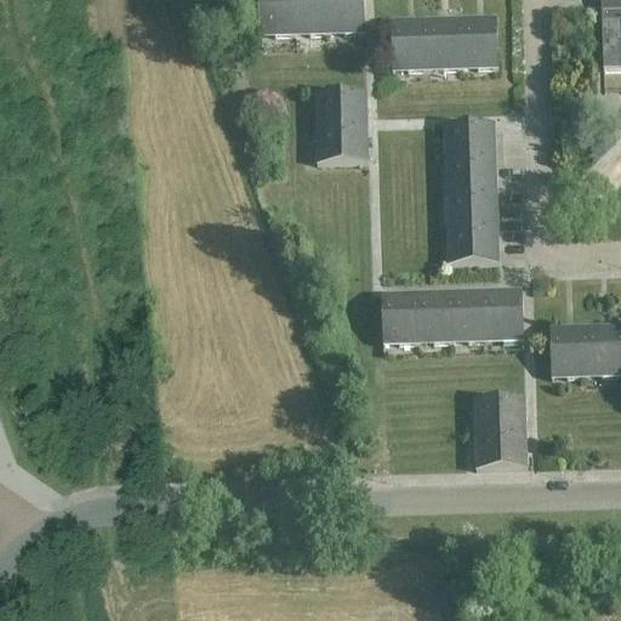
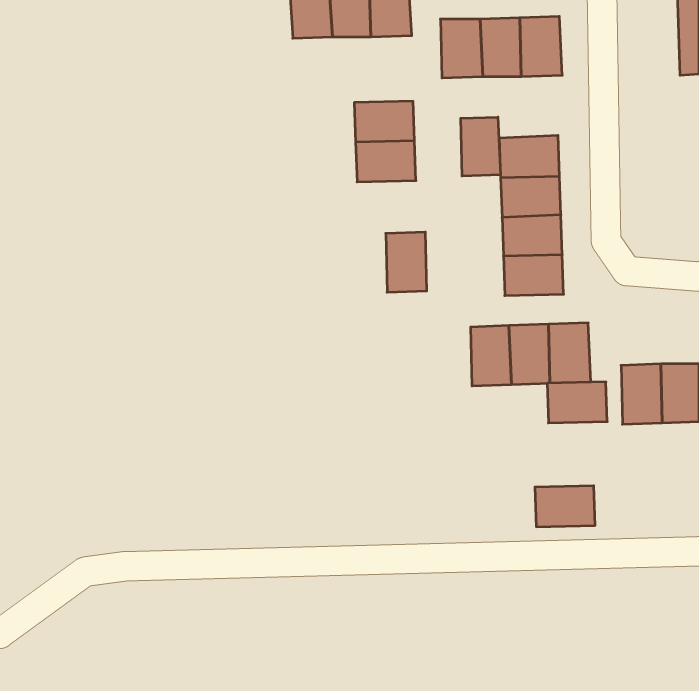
building: none -> [461,117,501,176]
building: [382,290,418,343] -> [386,232,427,292]
building: [473,395,526,432] -> [547,382,607,423]

